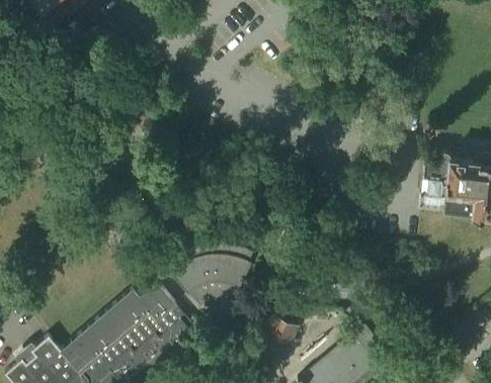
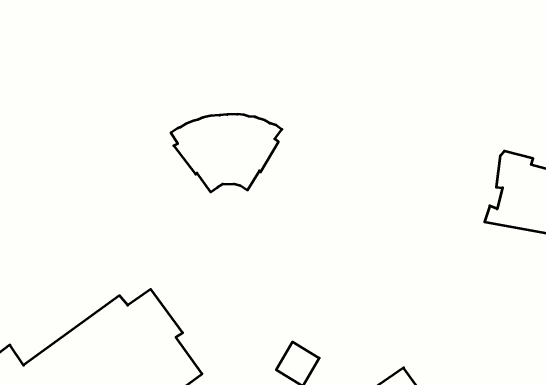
building: [163,241,251,304] -> [171,114,282,192]

